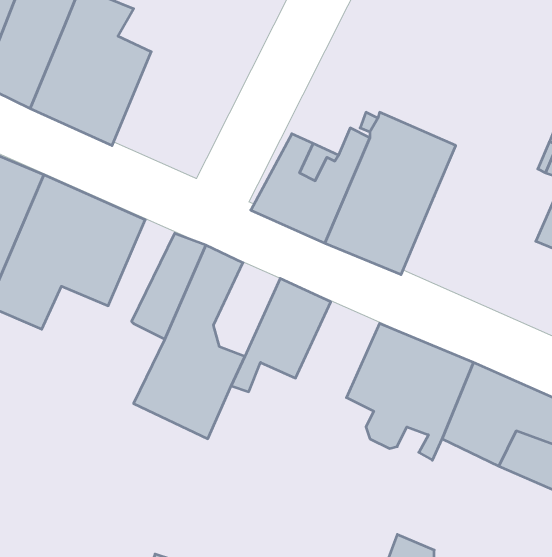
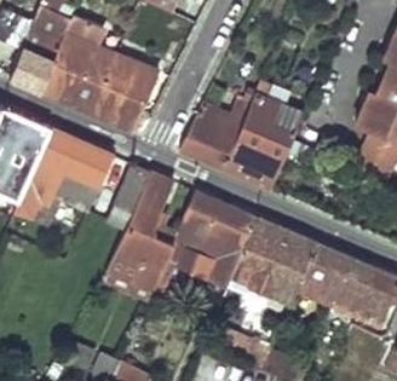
building: none -> [92,53,159,131]
building: none -> [206,208,258,293]

